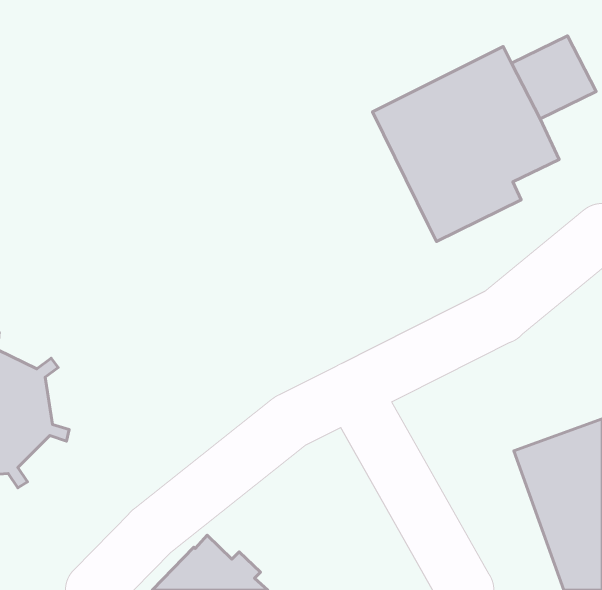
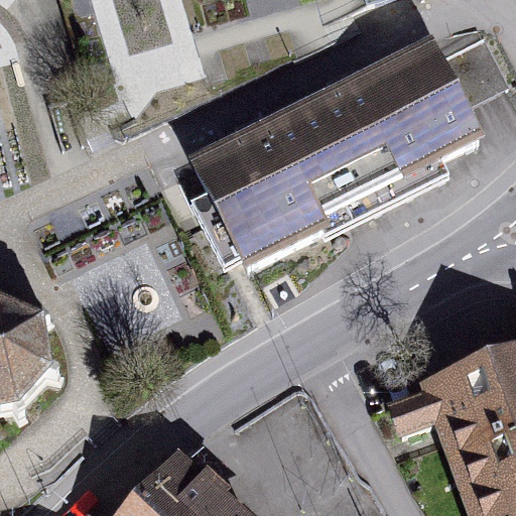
building: none -> [191,95,363,260]

